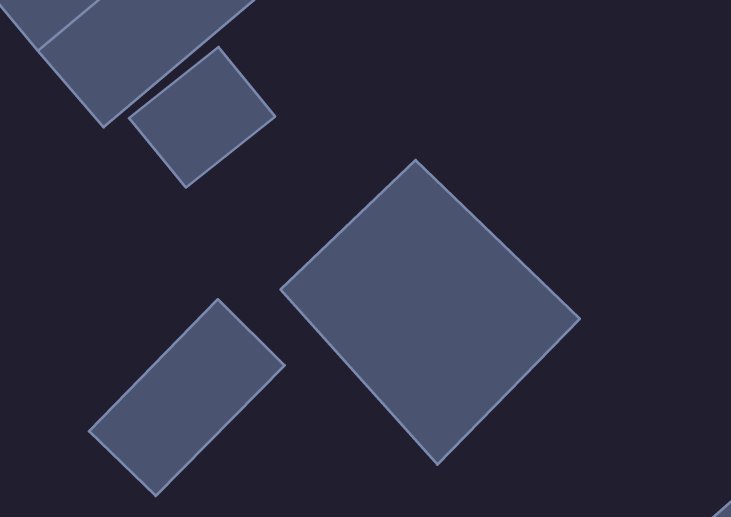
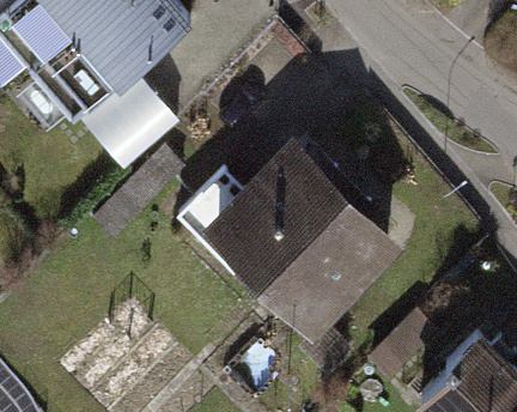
building: [89,299,285,496] -> none

